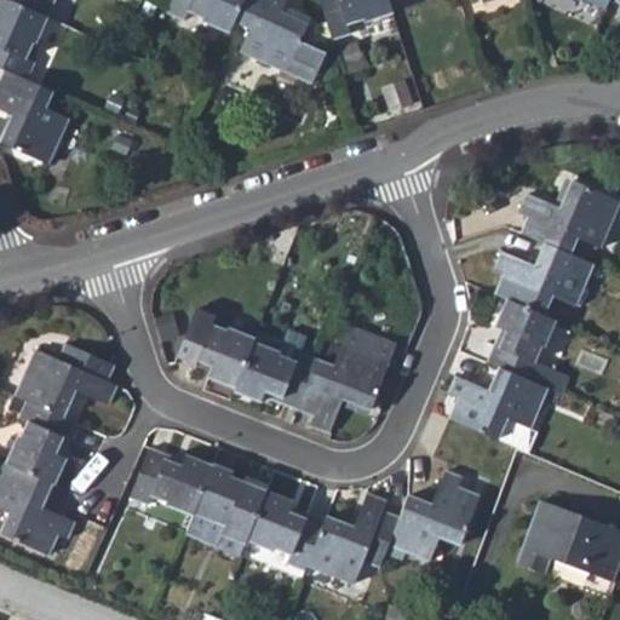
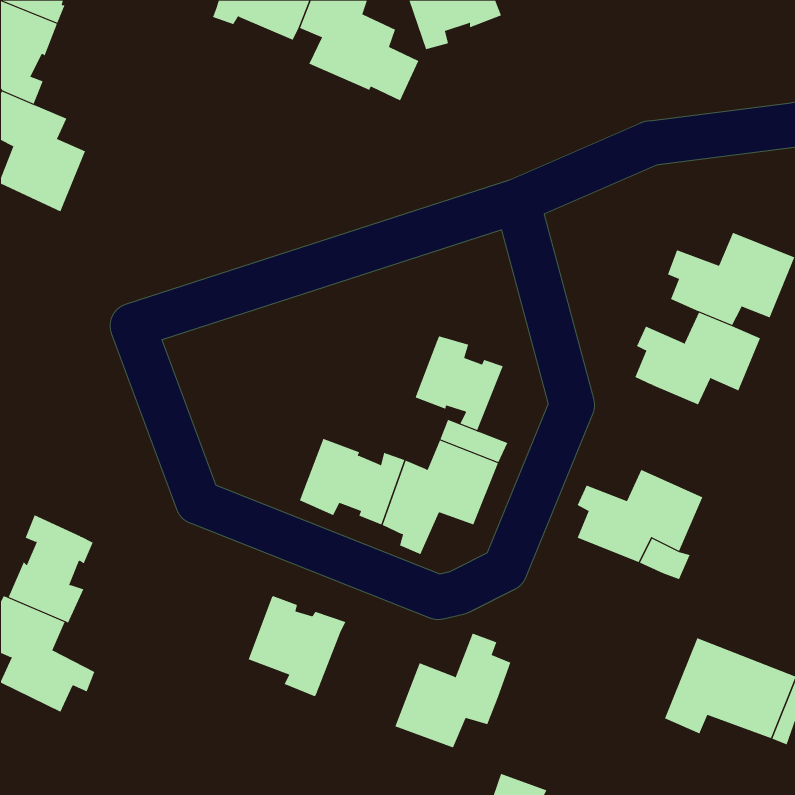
building: none -> [415,336,503,431]
building: [488,300,556,388] -> none
building: [176,311,254,386] -> none
building: [16,343,117,418] -> none
building: [128,448,212,516] -> none
building: [389,470,478,558] -> none
building: [247,492,325,570] -> none

